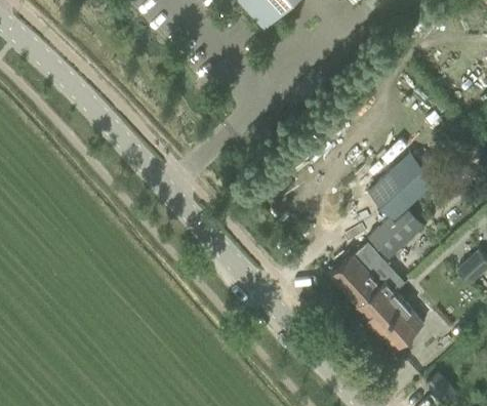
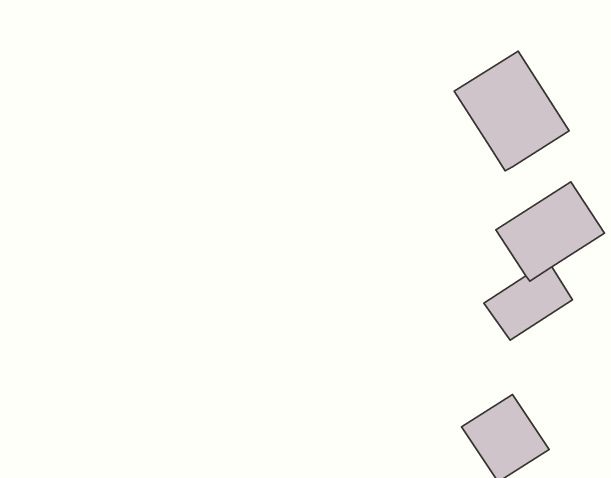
building: none -> [454,51,569,171]
building: [332,249,396,316] -> none

